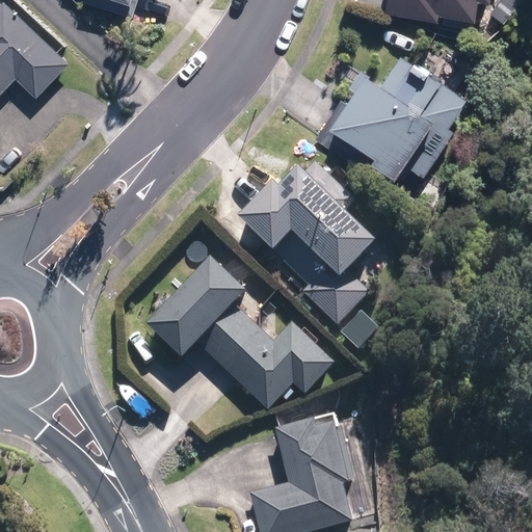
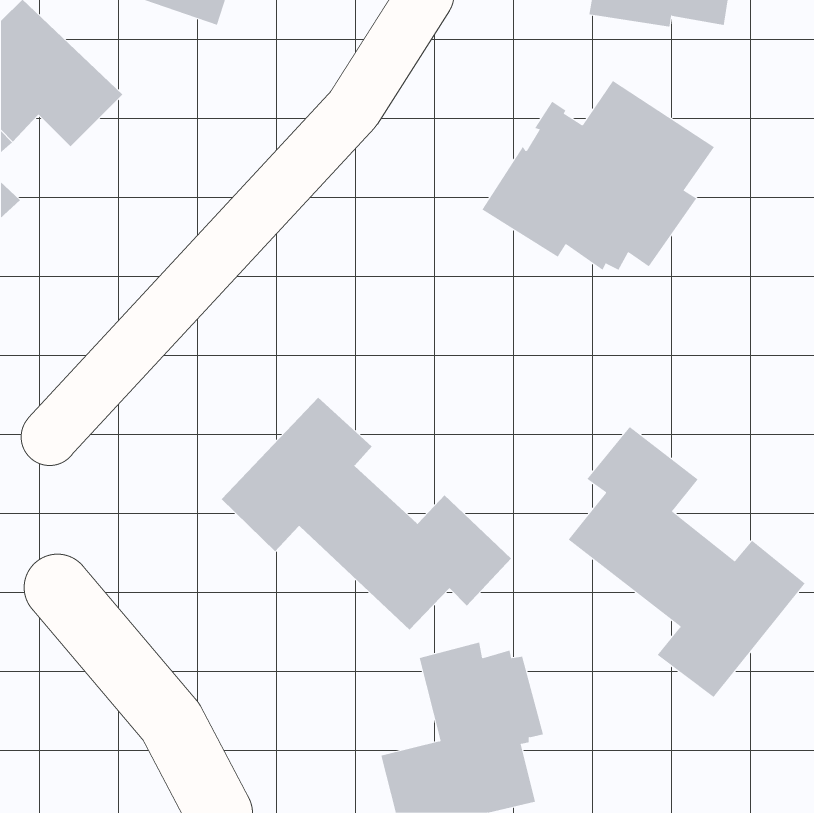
building: [236,161,373,323] -> none
building: none -> [568,426,806,698]

